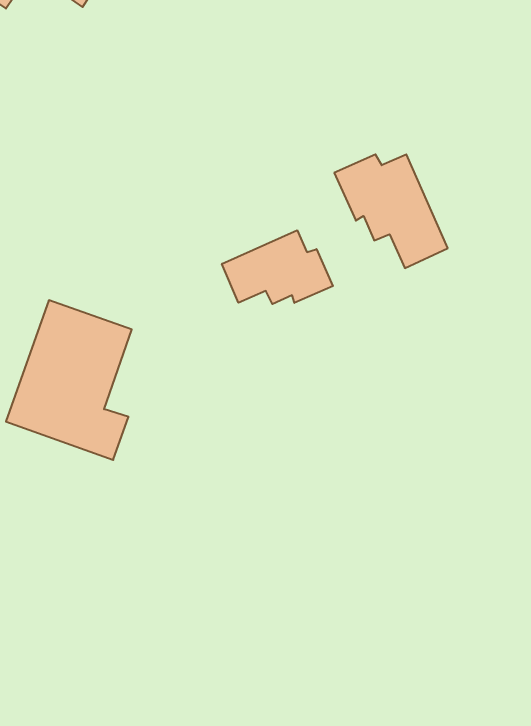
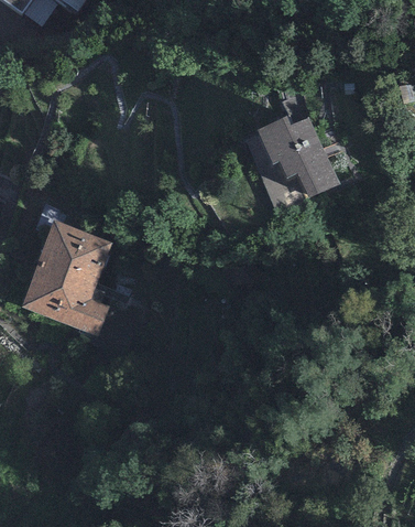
building: [222,230,333,304] -> none

